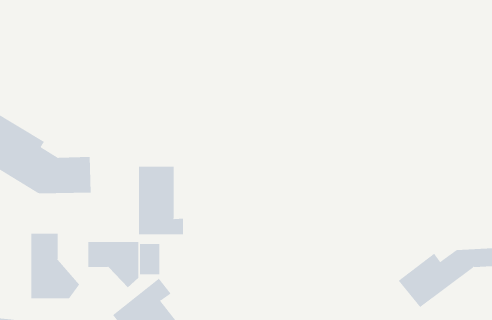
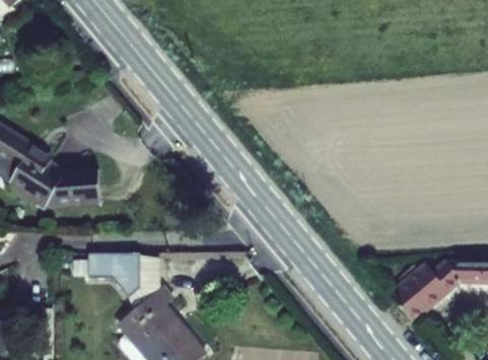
building: [138,166,184,235] -> none
building: [31,233,80,299] -> none

